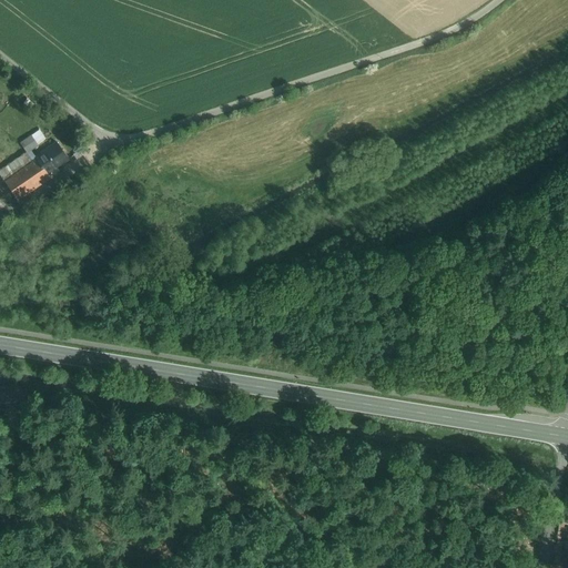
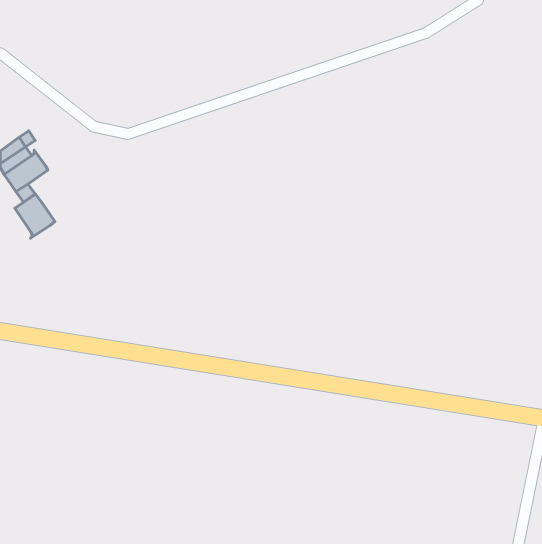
building: [38,142,70,173] -> none
building: none -> [15,194,55,238]

